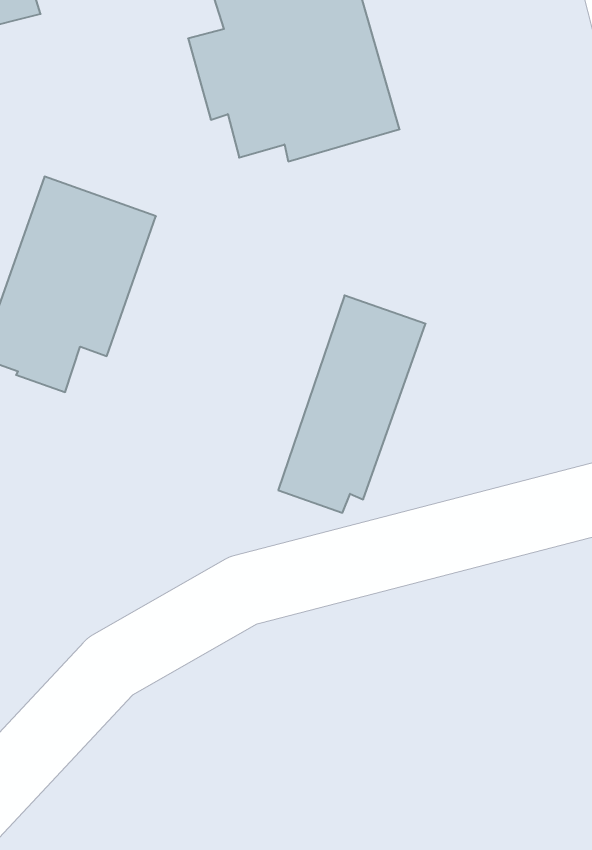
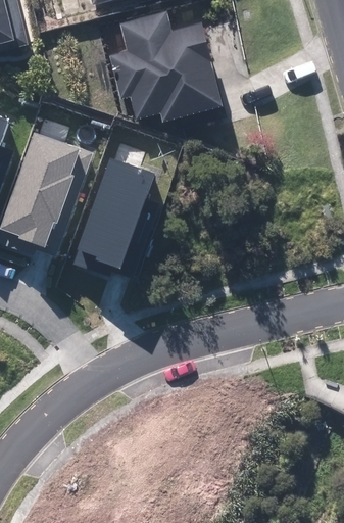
building: [278,295,426,513] -> [73,158,153,276]

